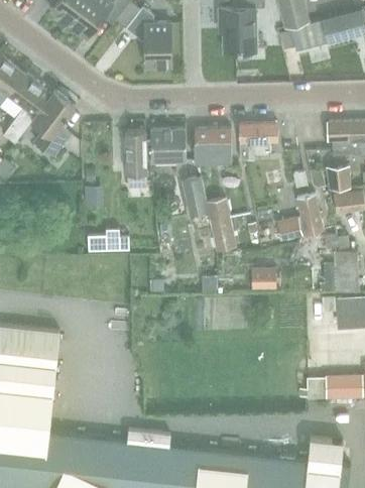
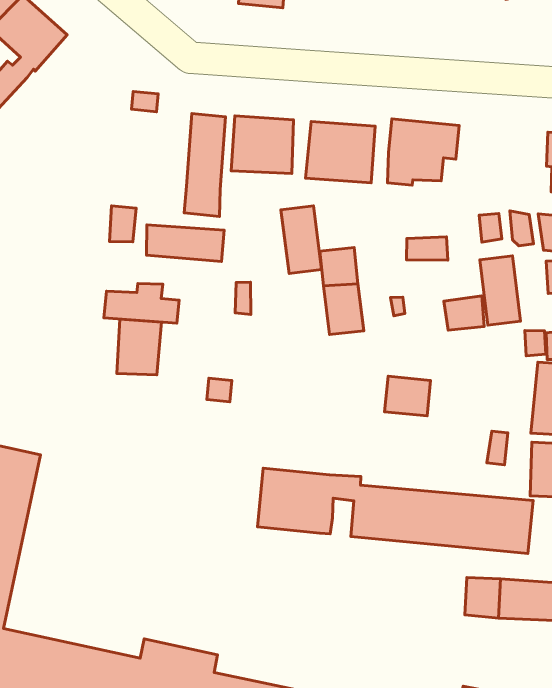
building: [31,92,75,157] -> none
building: none -> [146,225,224,262]
building: none -> [117,319,161,375]
building: none -> [257,468,533,554]

